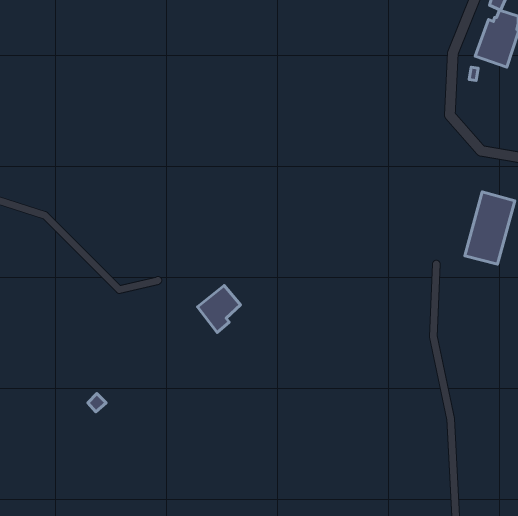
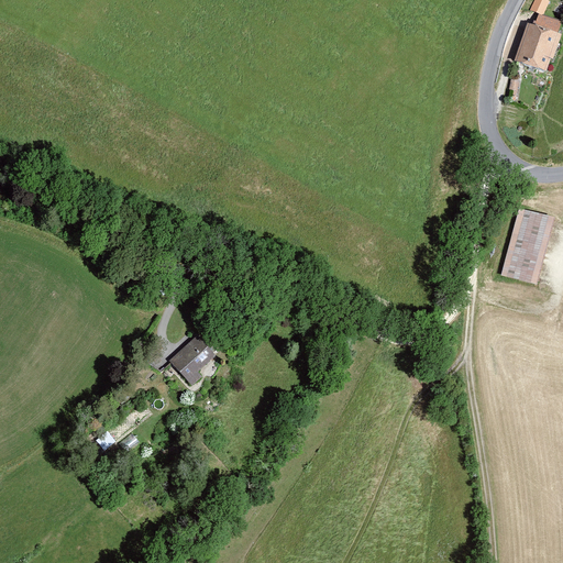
building: [198,286,240,332] -> [168,335,214,386]

